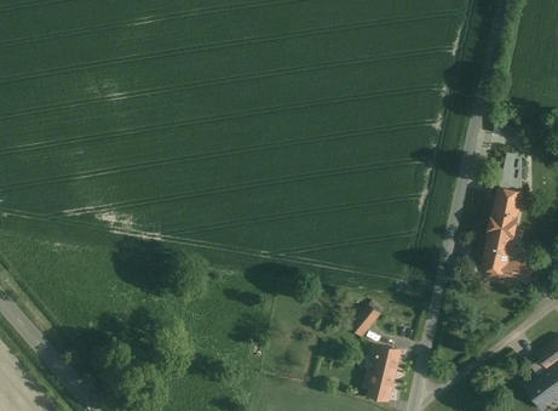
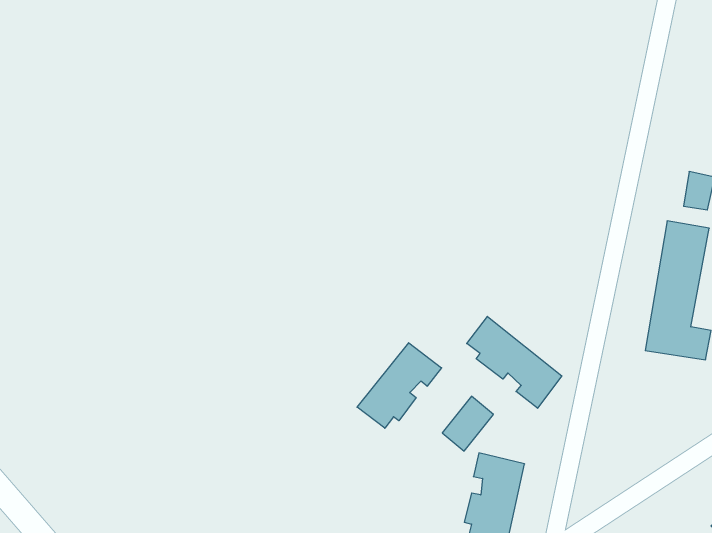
building: none -> [467,316,562,408]
building: none -> [357,343,442,428]

